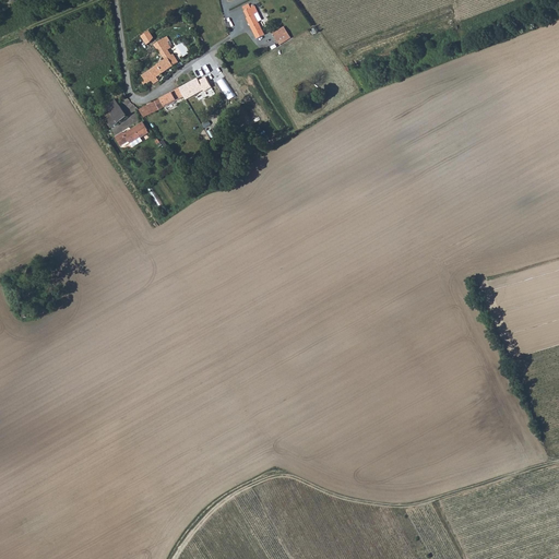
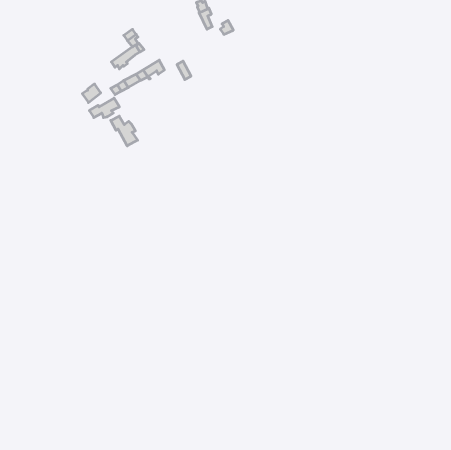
building: none -> [111,116,138,146]

